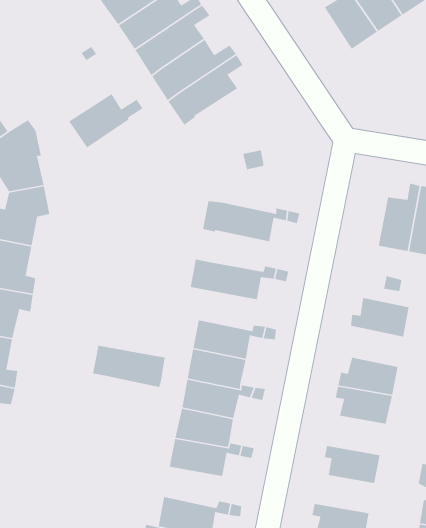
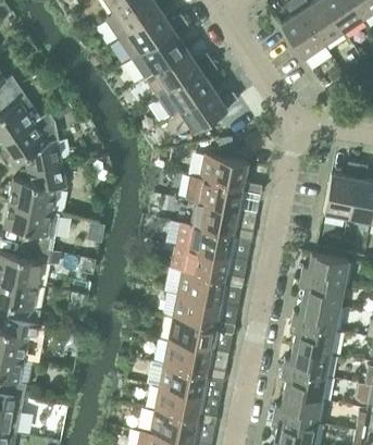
building: [69,93,144,149] -> [181,89,239,133]
building: none -> [201,154,248,187]
building: none -> [191,201,239,233]
building: none -> [300,276,345,308]
building: [92,345,166,388] -> [172,246,229,280]
building: none -> [284,347,331,378]
building: none -> [156,387,202,419]
building: none -> [274,394,322,423]

